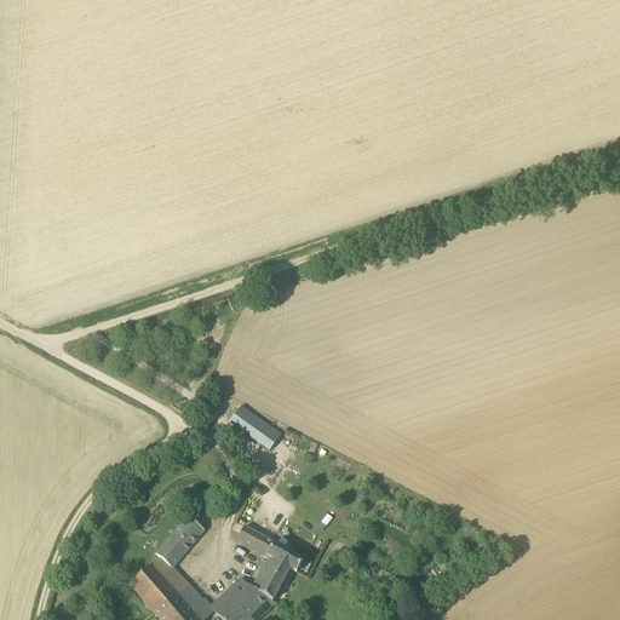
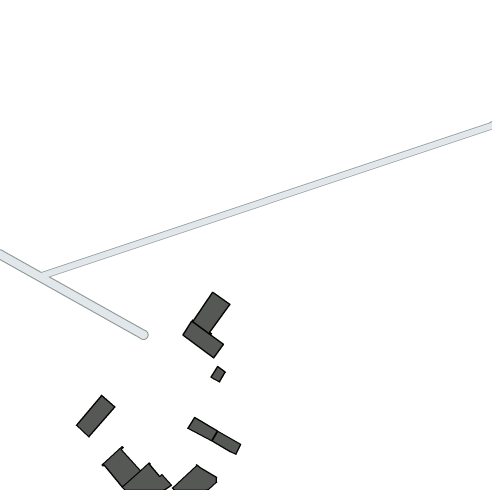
building: none -> [192,292,230,335]
building: [156,515,205,567] -> [76,395,115,437]
building: [252,555,289,599] -> none

